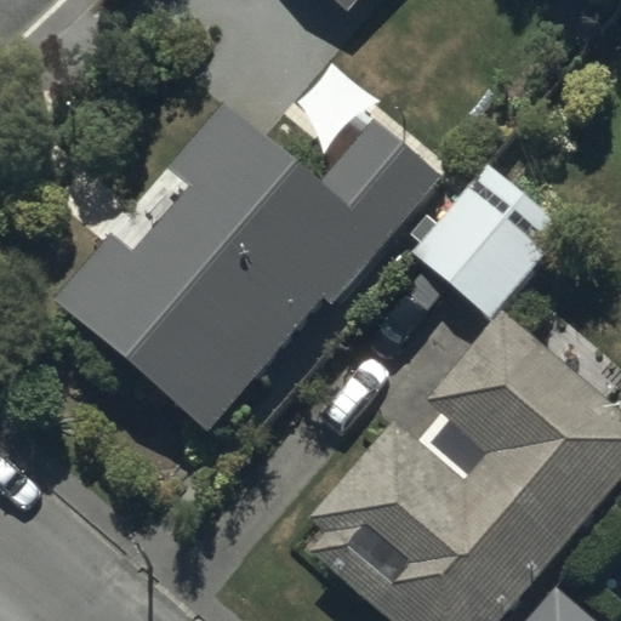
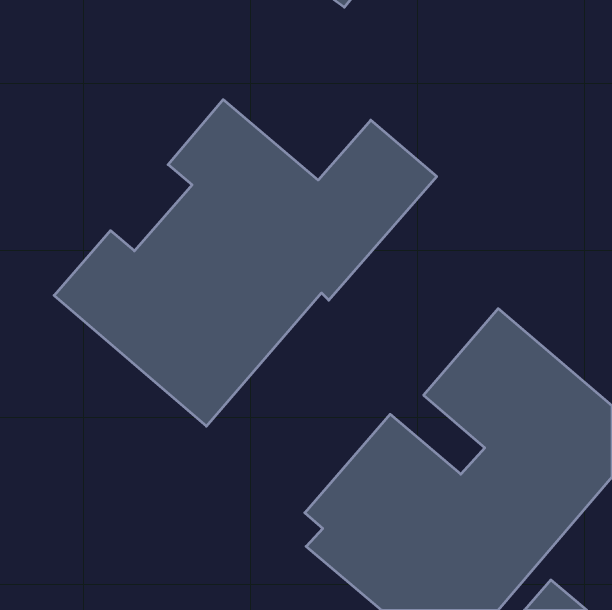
building: [412,163,566,318] -> none

